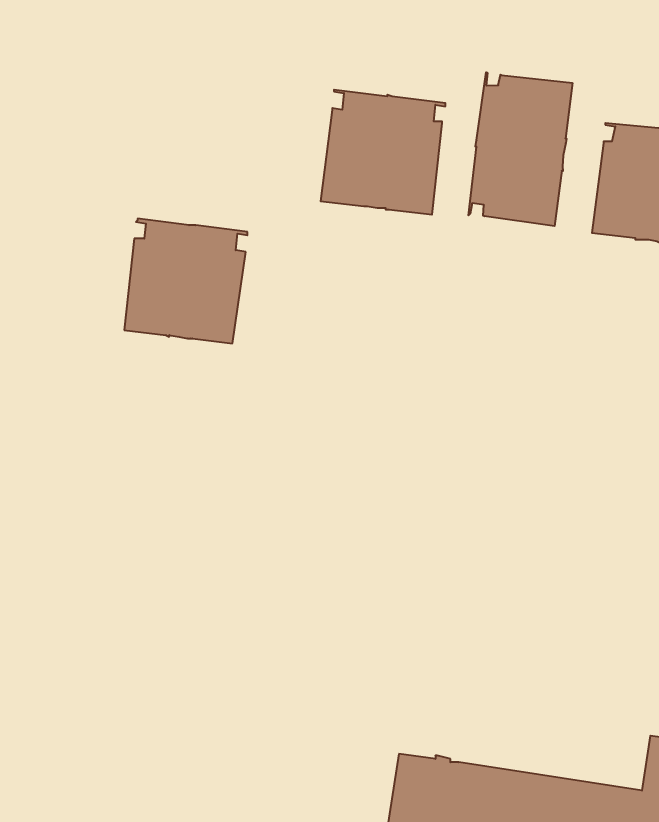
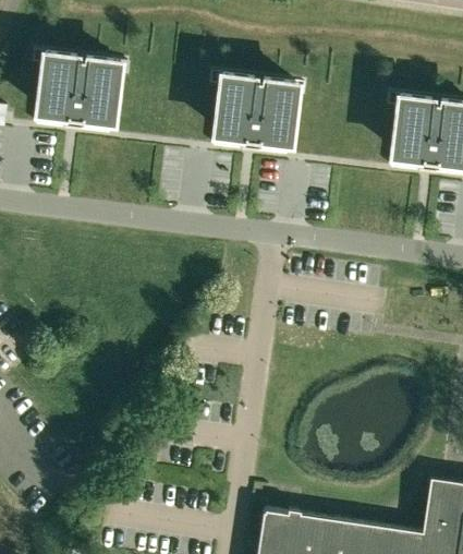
building: [468,72,572,226] -> none
building: [124,219,247,343] -> [38,50,119,132]

